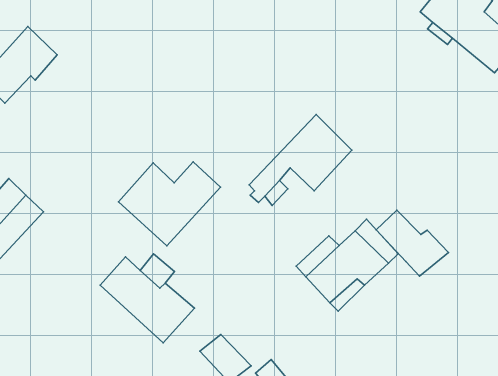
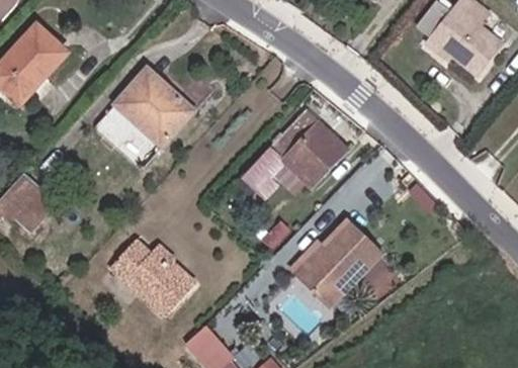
building: [119,162,220,246] -> [106,72,204,153]
building: [376,210,448,276] -> none

